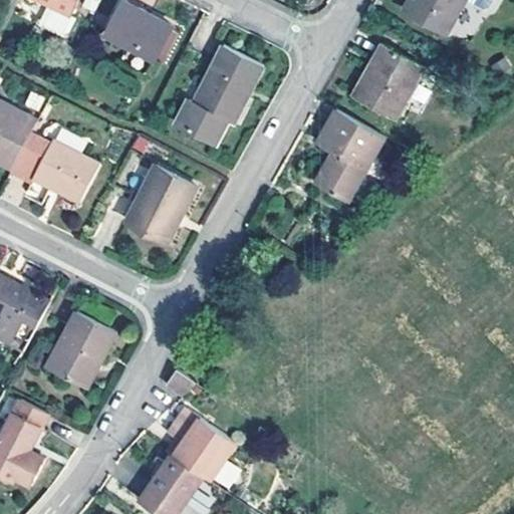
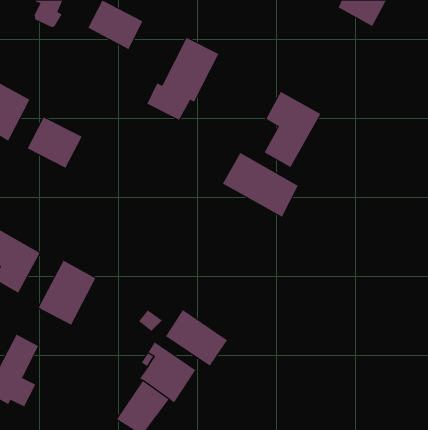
building: [351,43,423,119] -> none
building: [9,132,50,182] -> none
building: [124,166,195,242] -> none
building: none -> [222,152,299,218]
building: none -> [165,309,228,366]

